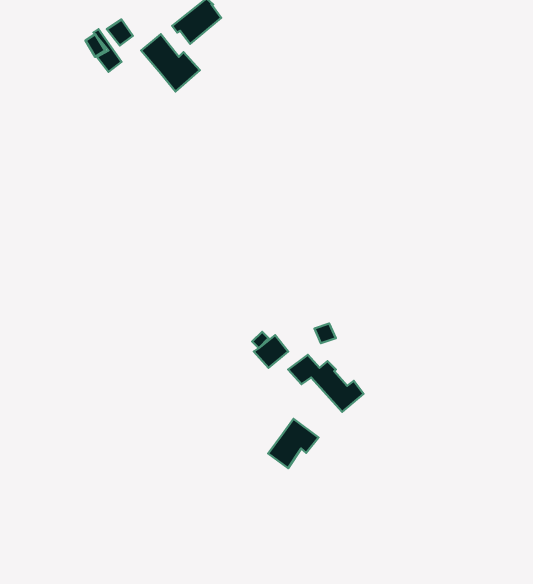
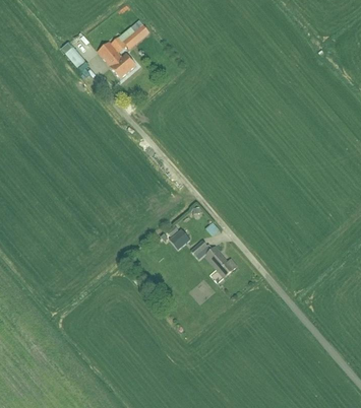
building: [268,419,319,468] -> none

